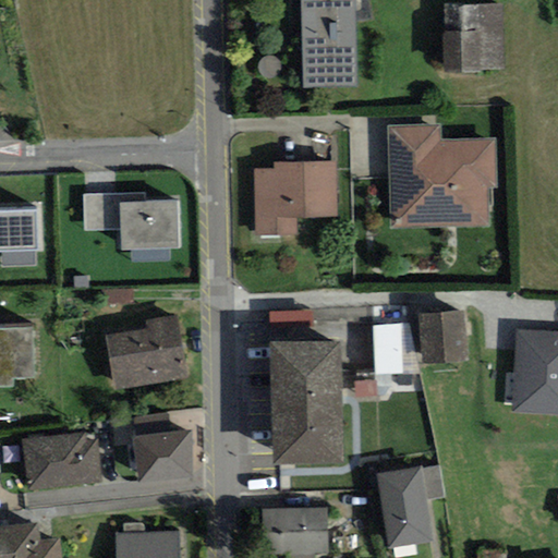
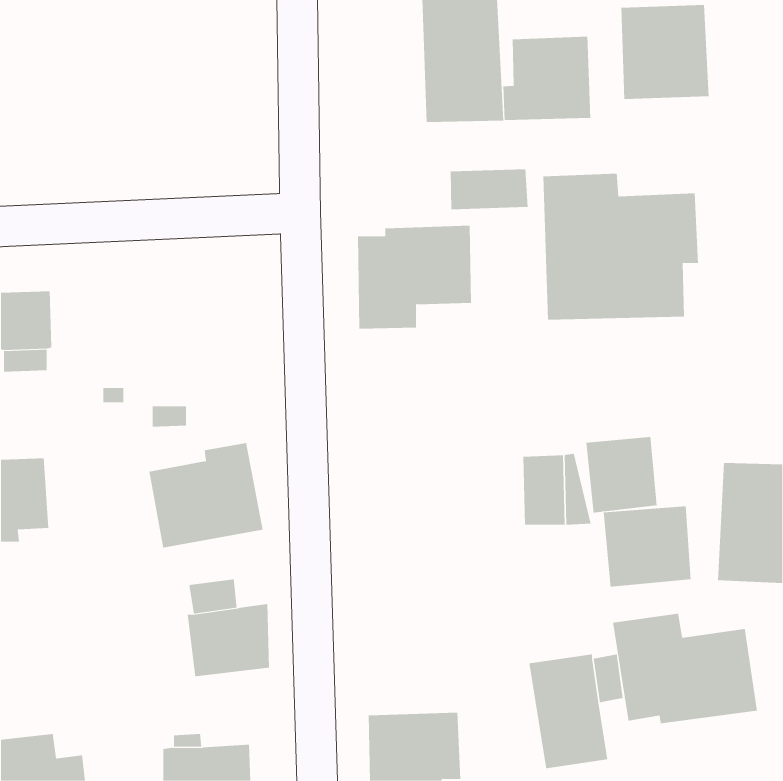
building: none -> [503,36,591,121]
building: none -> [450,168,528,210]
building: [83,193,180,251] -> none
building: [270,341,342,464] -> none
building: none -> [603,505,691,588]
building: [23,433,101,490] -> none
building: none -> [613,613,758,724]

